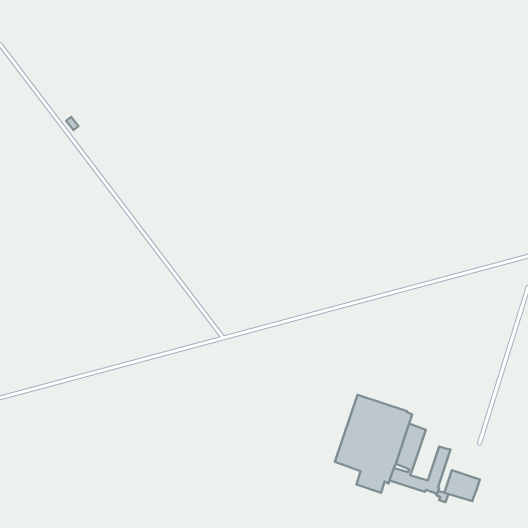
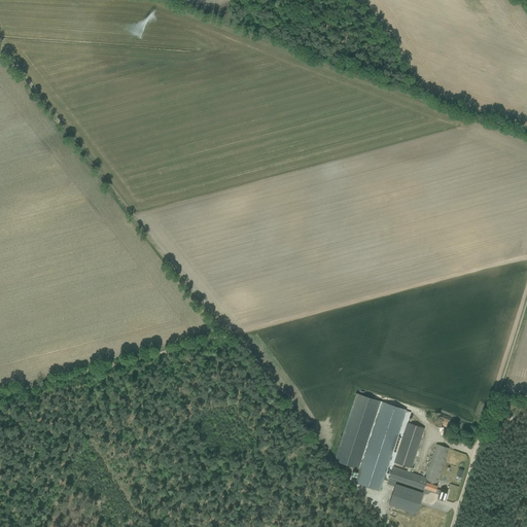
building: [445,470,480,501] -> [388,483,423,514]

